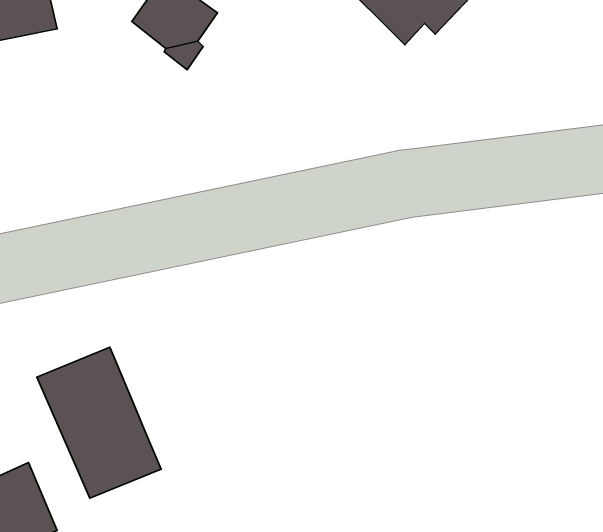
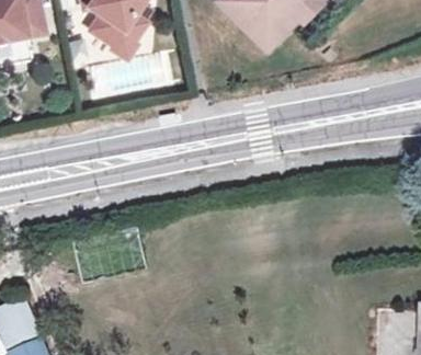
building: [37,347,161,498] -> none

